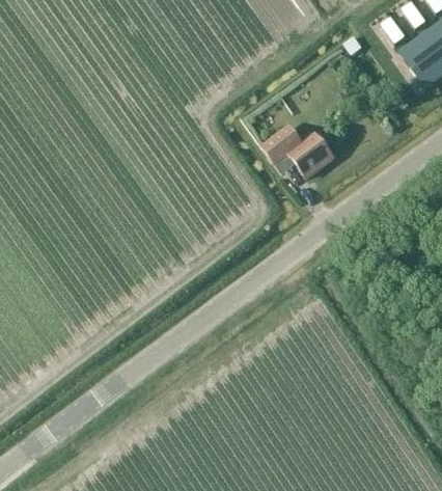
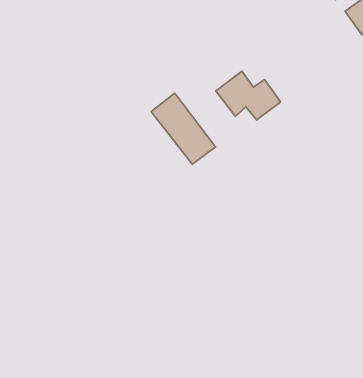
building: none -> [151,93,215,164]

